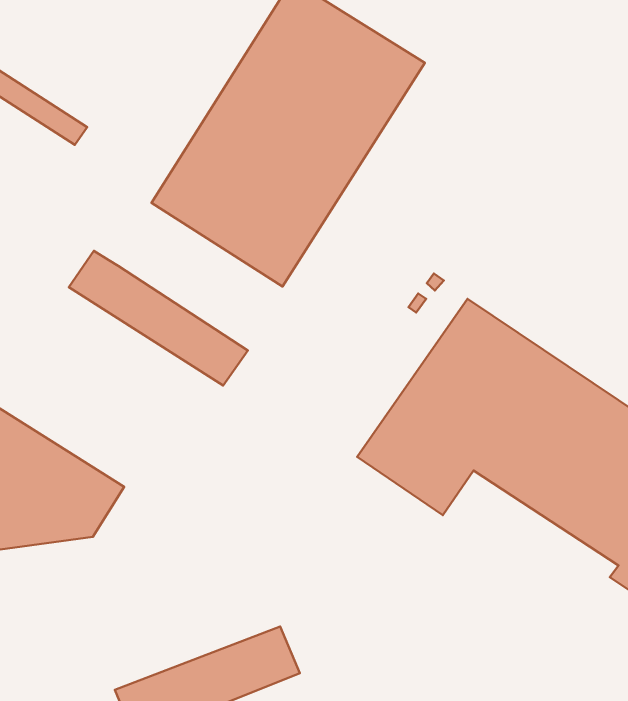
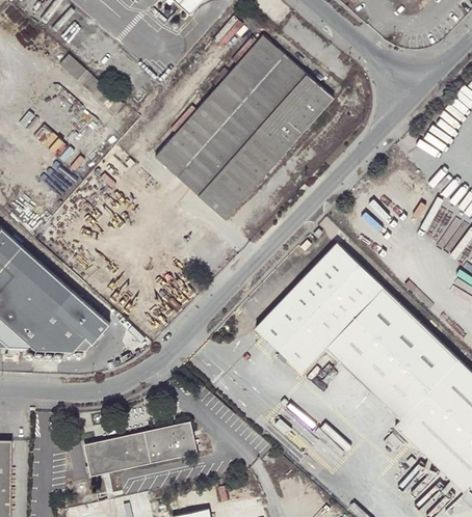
building: [69,251,248,386] -> none

